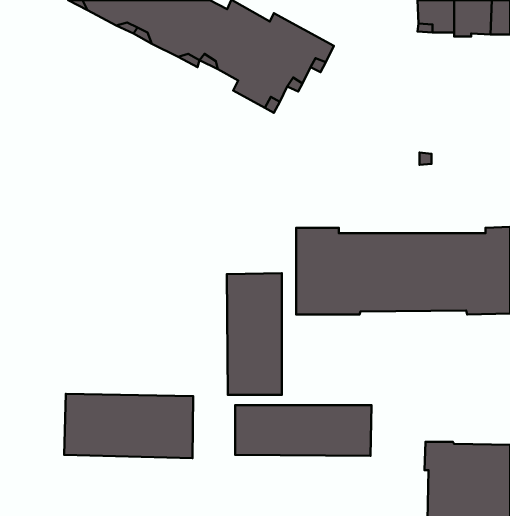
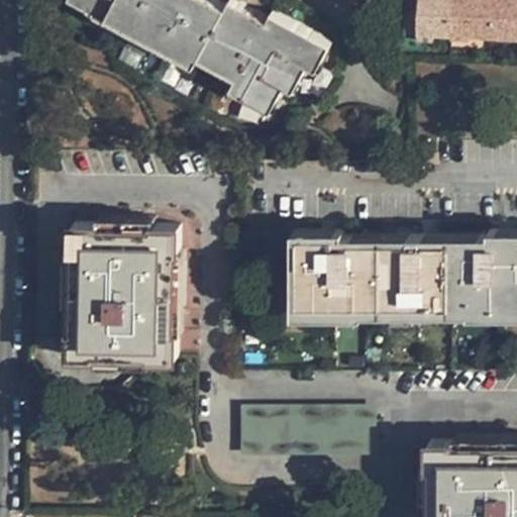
building: none -> [64,224,173,359]
building: [227,273,282,395] -> none
building: [64,394,193,458] -> none

